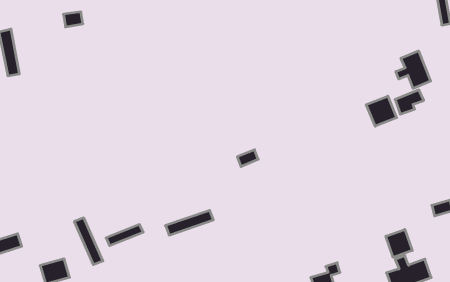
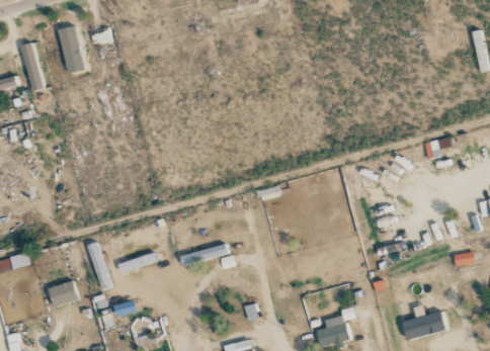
building: none -> [57,25,85,74]
building: [396,51,431,88] -> none
building: [366,96,397,126] -> none
building: [386,229,412,257] -> none

